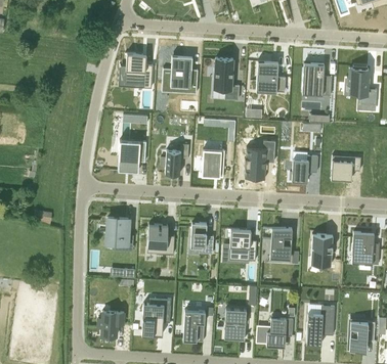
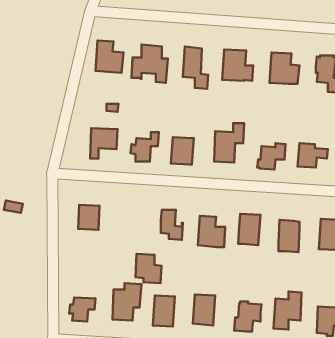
building: [147,225,174,255] -> [135,254,162,283]

